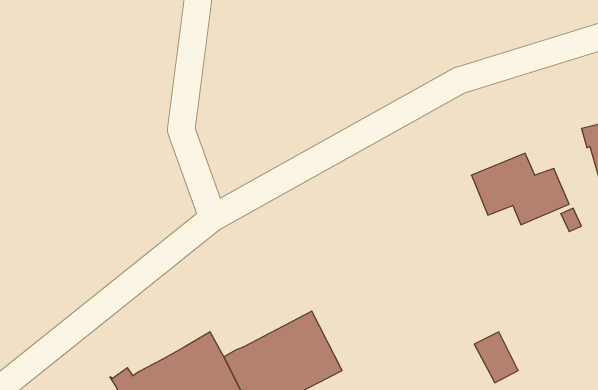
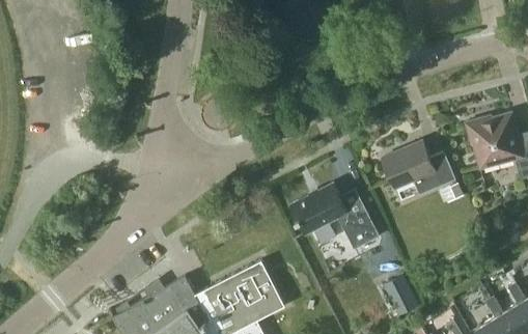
building: none -> [290,184,380,249]

